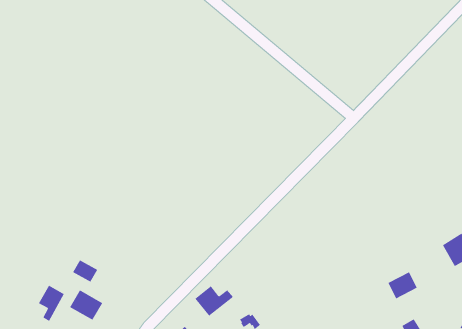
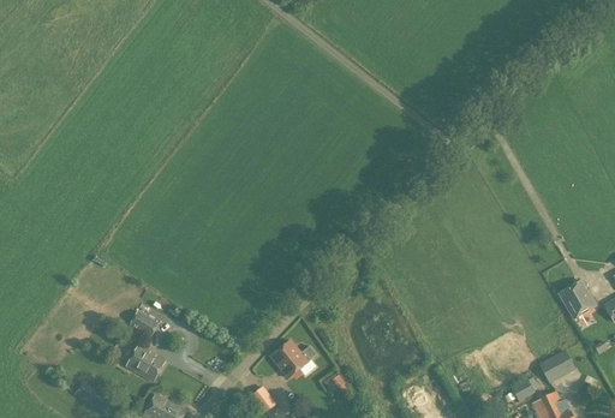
building: [388,271,418,299] -> [539,350,574,382]
building: [38,285,65,322] -> none

